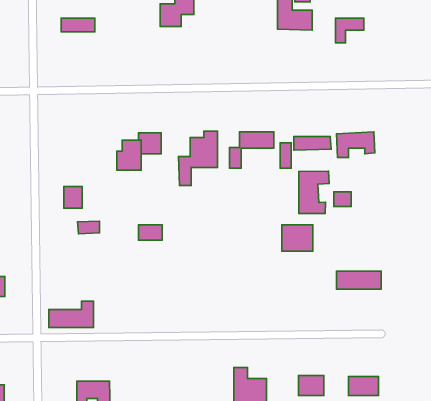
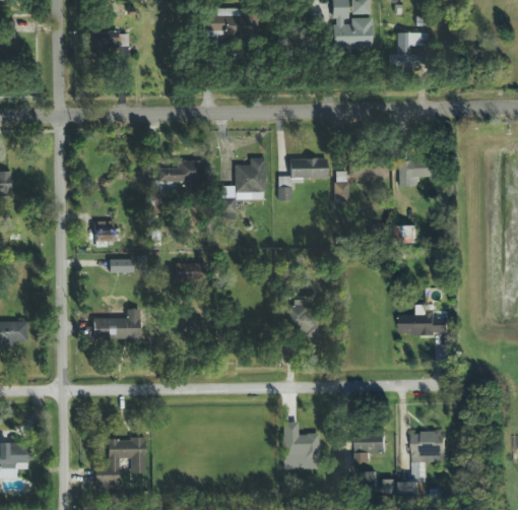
building: [299,171,329,214] -> none
building: [282,225,313,251] -> [286,306,321,335]
building: [49,301,93,328] -> [91,309,141,338]

